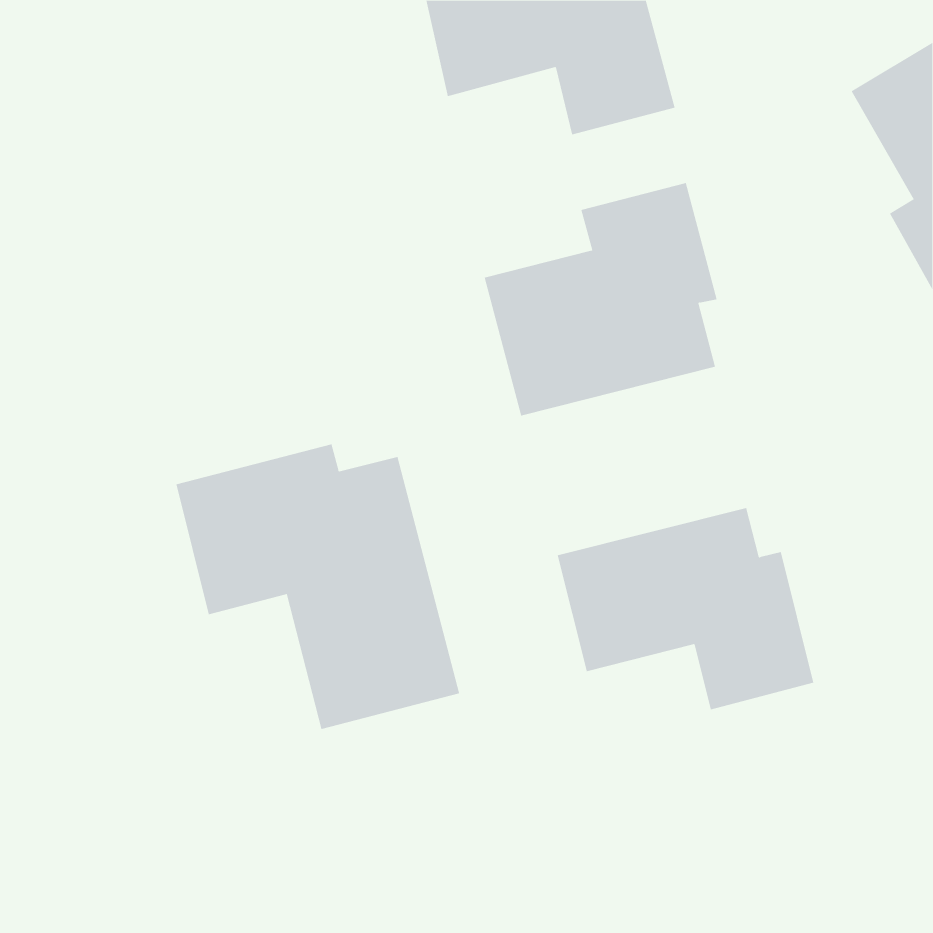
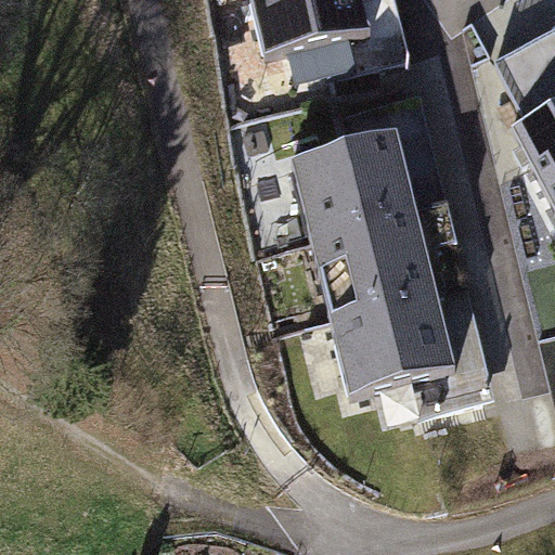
building: none -> [309,211,468,330]
building: [176,443,460,730] -> none

